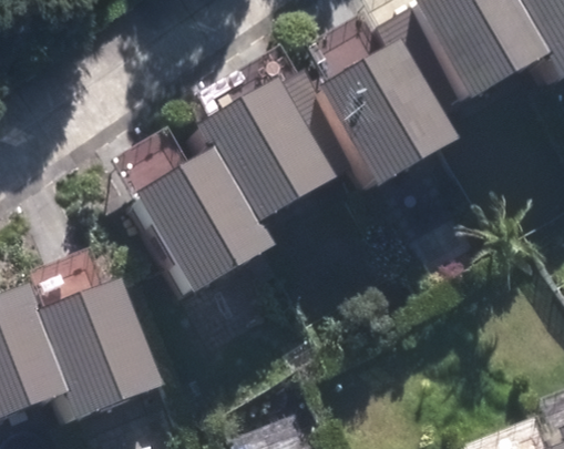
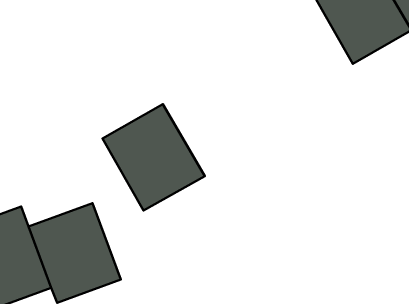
building: [321,41,455,182] -> none
building: [201,79,334,221] -> none

